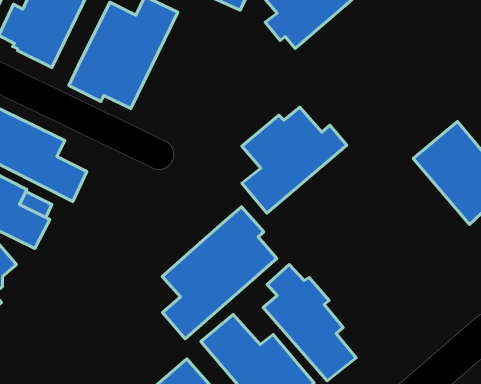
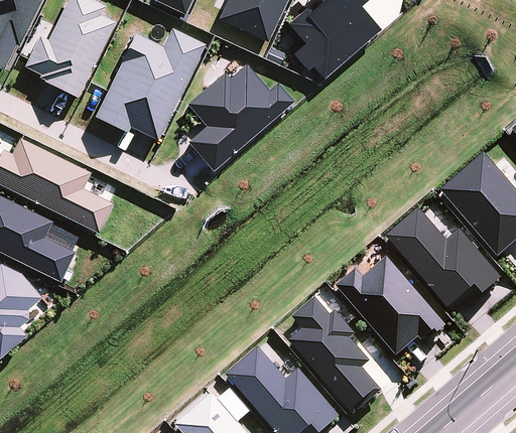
building: [242,107,347,213] -> [186,64,292,171]
building: none -> [387,208,502,307]
building: [162,207,277,339] -> none
building: none -> [336,257,446,356]

